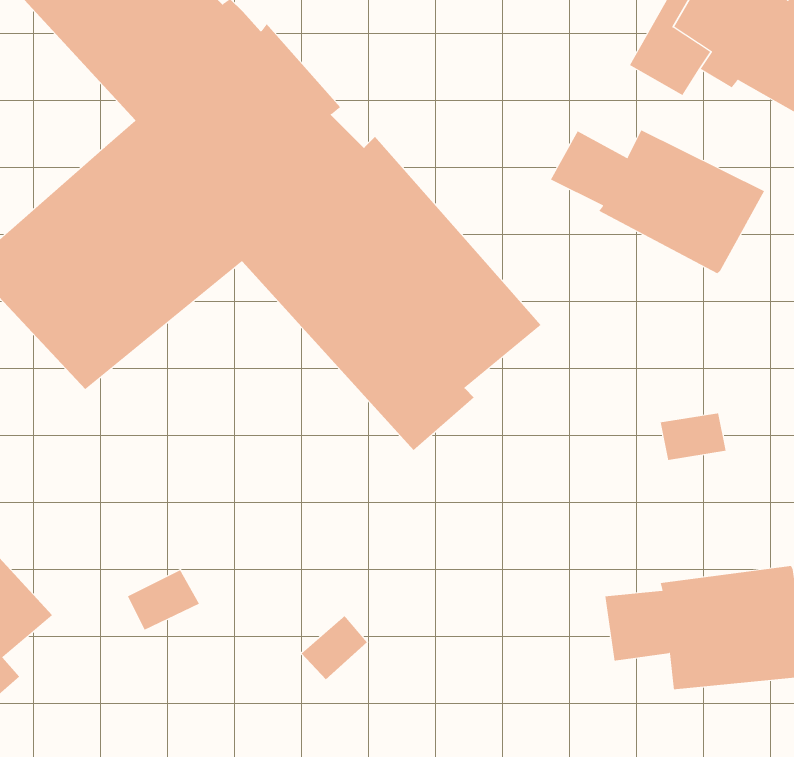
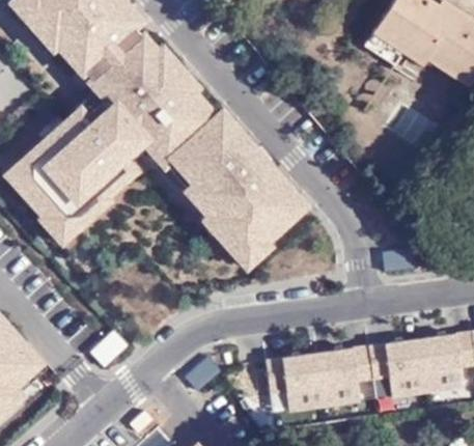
building: [550,129,765,274] -> none
building: none -> [260,349,356,411]

